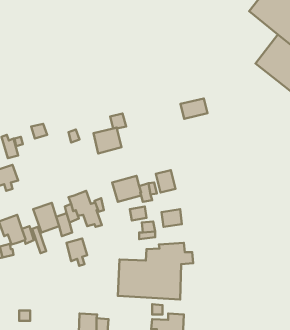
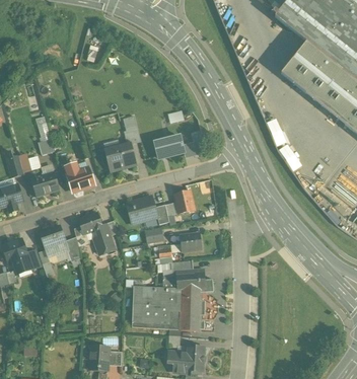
building: [181,98,208,119] -> [154,136,184,158]
building: none -> [65,164,94,192]
building: none -> [31,171,60,197]
building: [66,238,87,266] -> none

